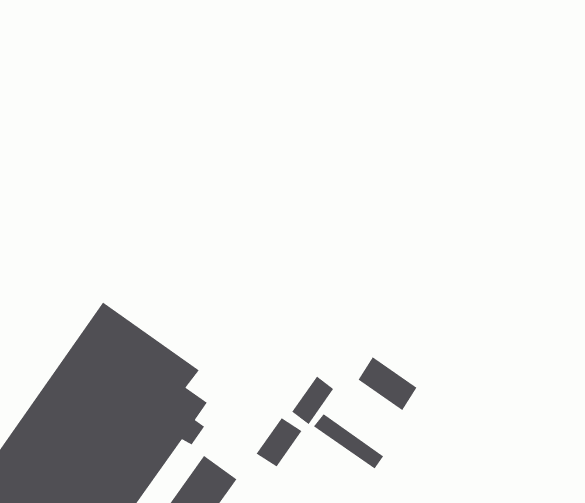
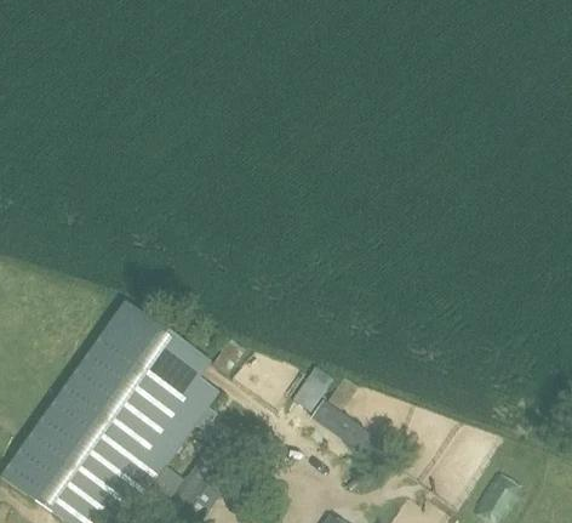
building: [357,356,417,411] -> none
building: [256,417,303,467] -> none

